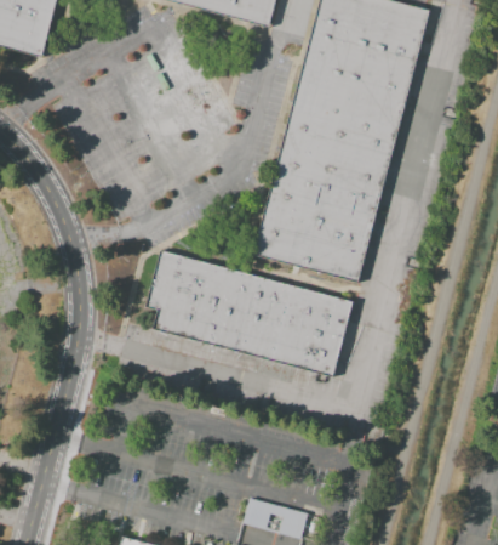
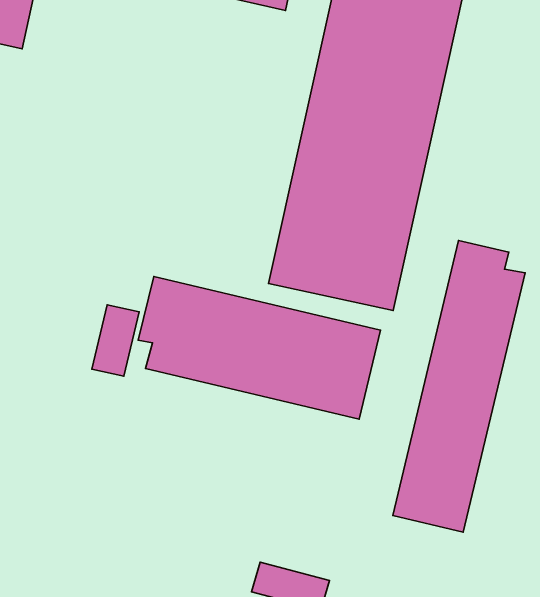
building: none -> [393,241,525,532]
building: none -> [92,305,139,376]

